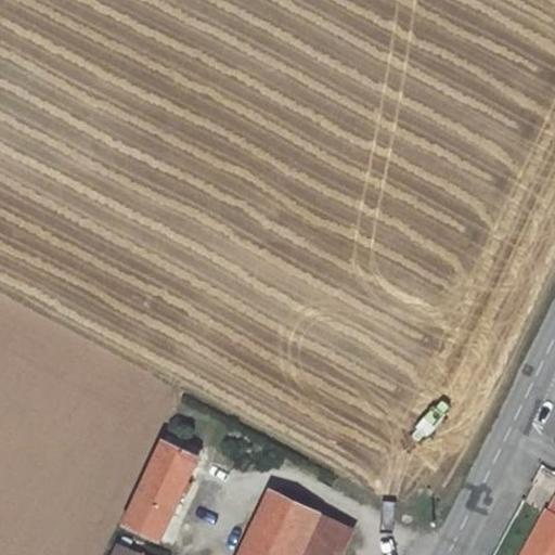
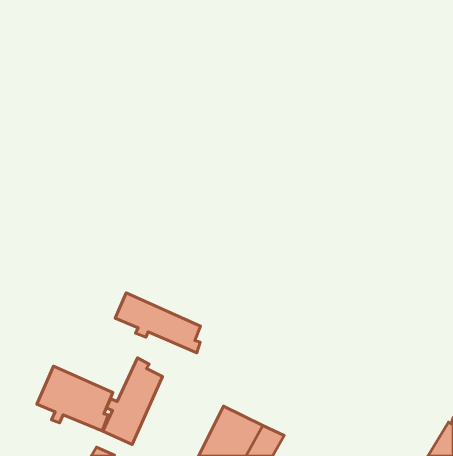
building: none -> [115,293,200,353]
building: none -> [37,366,113,431]

